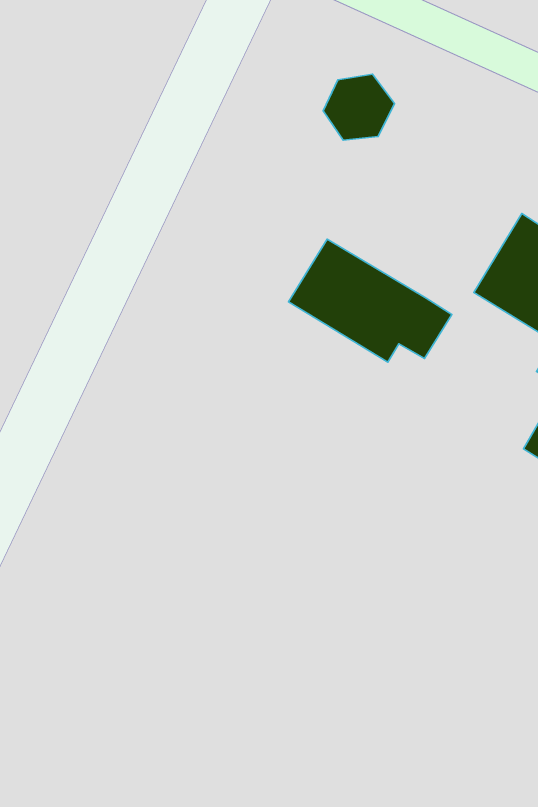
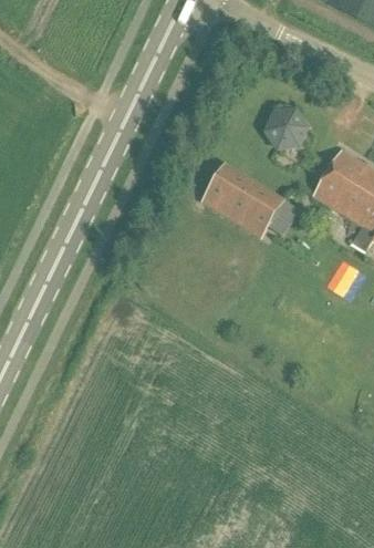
building: [323,74,395,140] -> [264,108,308,148]

